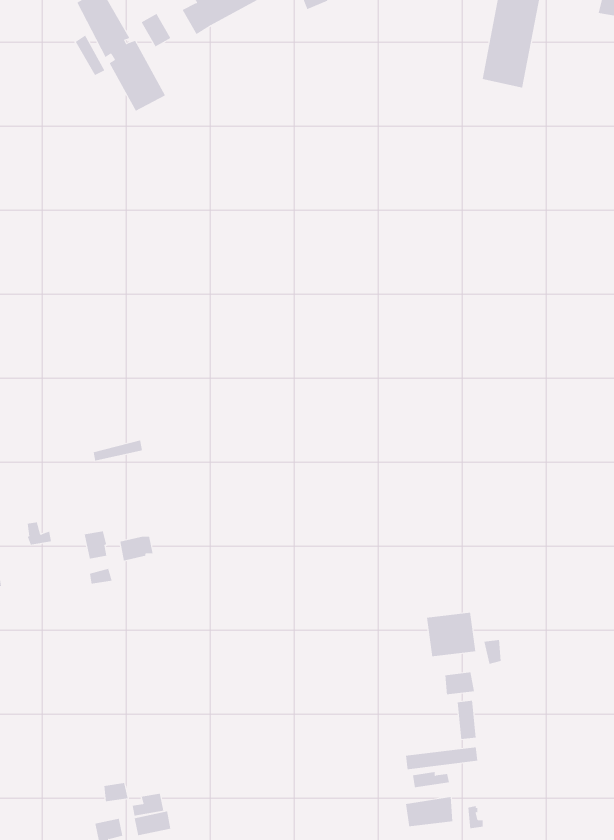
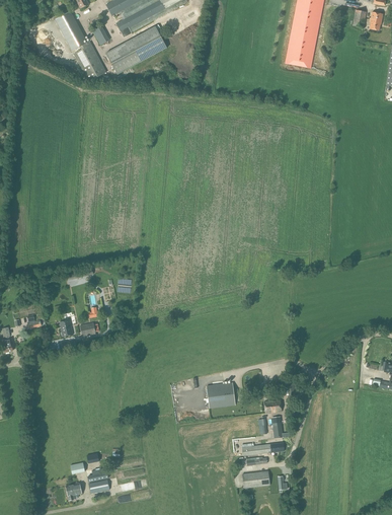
building: none -> [106,25,166,73]
building: [426,612,476,657] -> [207,381,235,407]

